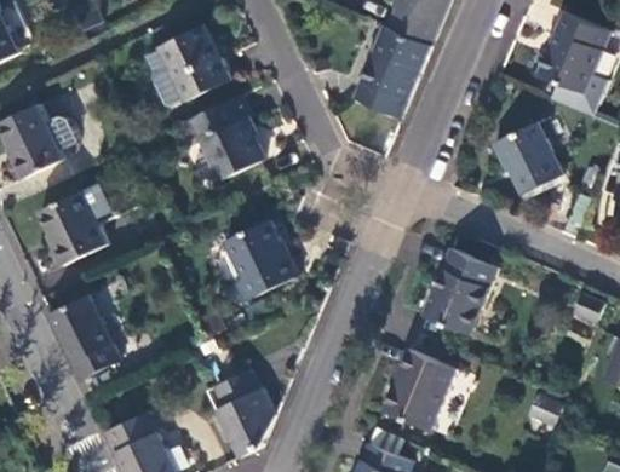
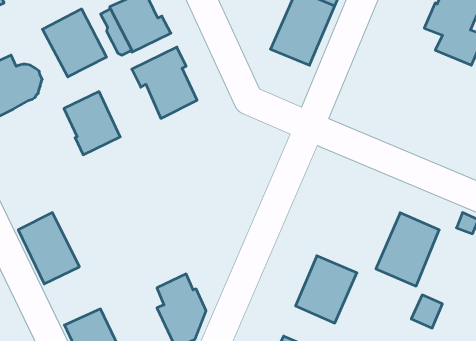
building: none -> [42,9,106,77]
building: [490,120,561,192] -> none
building: [39,190,107,266] -> [64,92,120,155]
building: [223,220,298,304] -> none
building: [420,247,496,335] -> [376,213,439,286]

